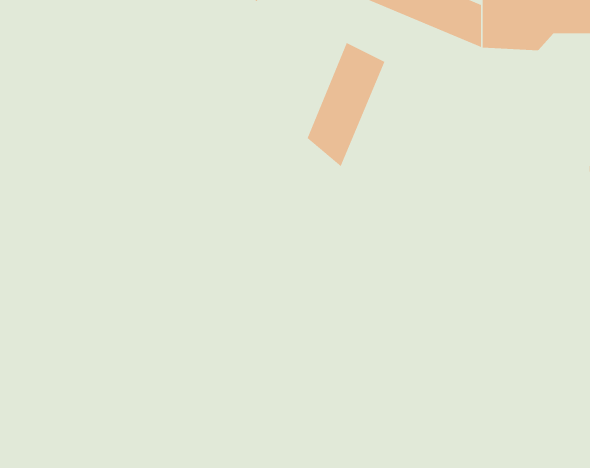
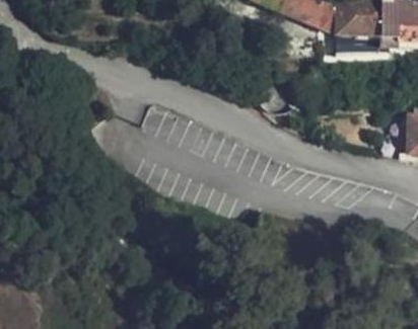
building: [307,42,385,167] -> none

